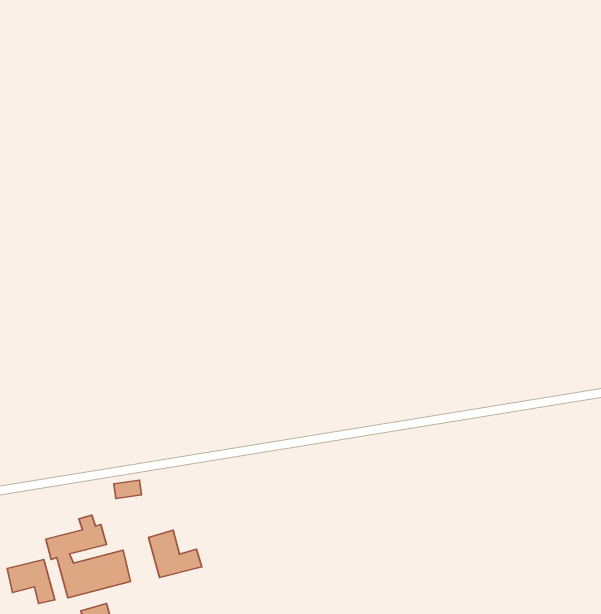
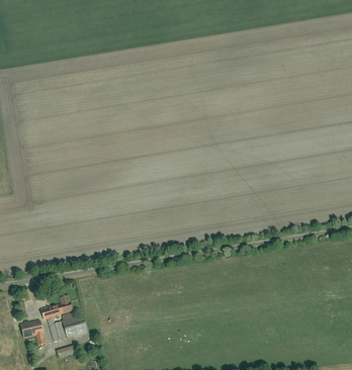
building: [149,530,202,577] -> none

